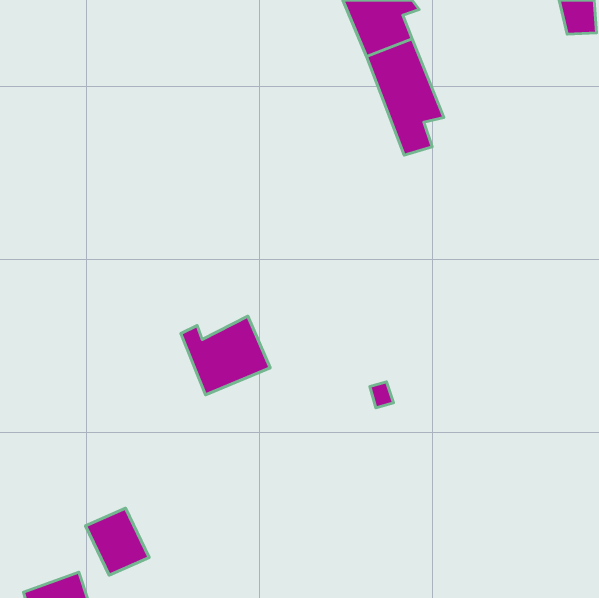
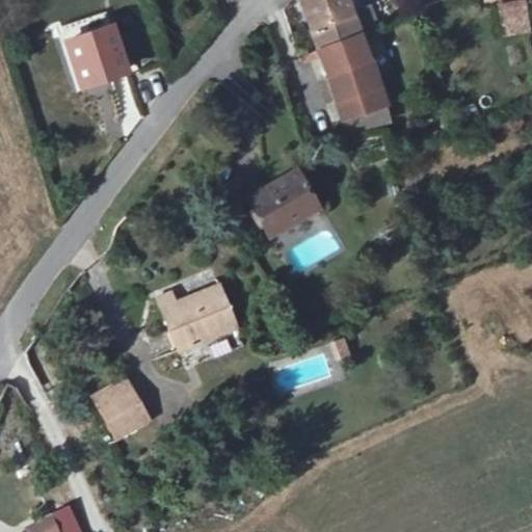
building: none -> [63,31,123,90]
building: none -> [240,153,316,228]
building: [86,508,149,575] -> [92,382,149,442]

